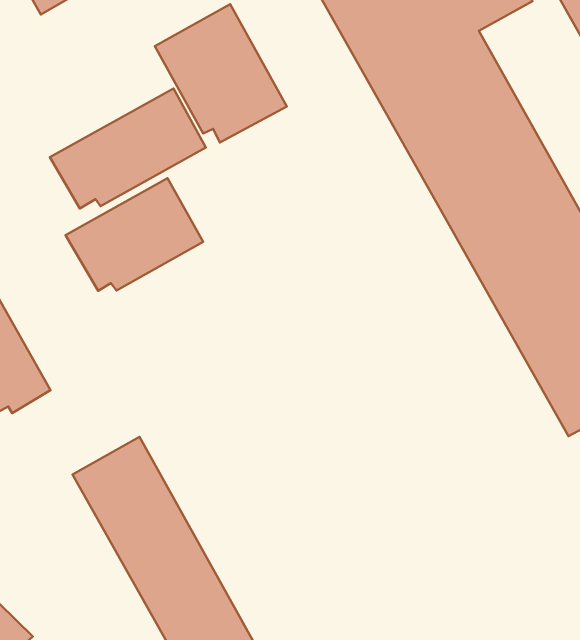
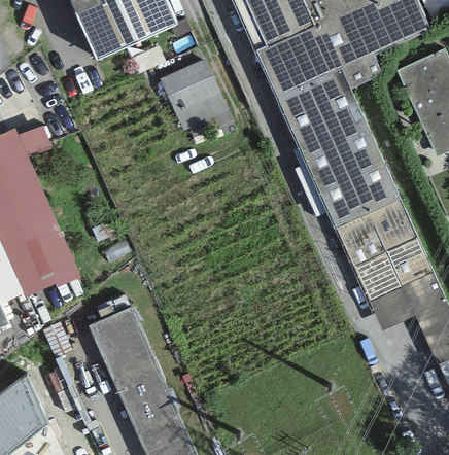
building: [50,89,206,209] -> none
building: [66,178,203,291] -> none

